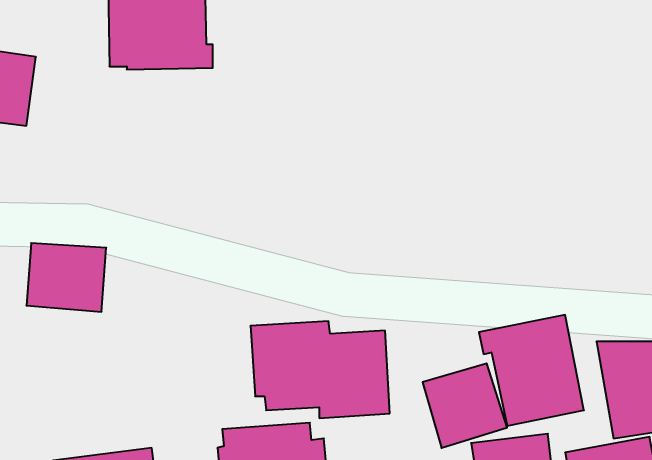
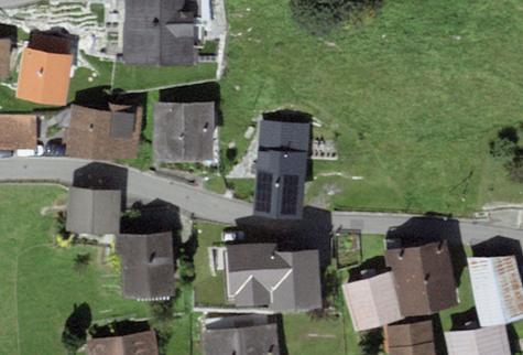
building: none -> [152,103,214,161]
building: none -> [61,104,141,162]
building: none -> [253,120,308,215]
building: none -> [115,235,174,298]

